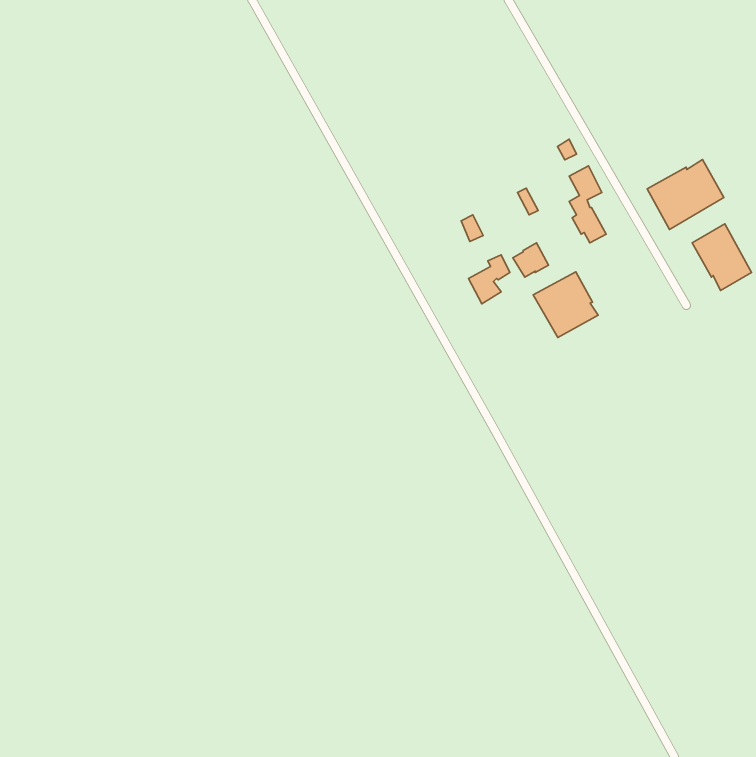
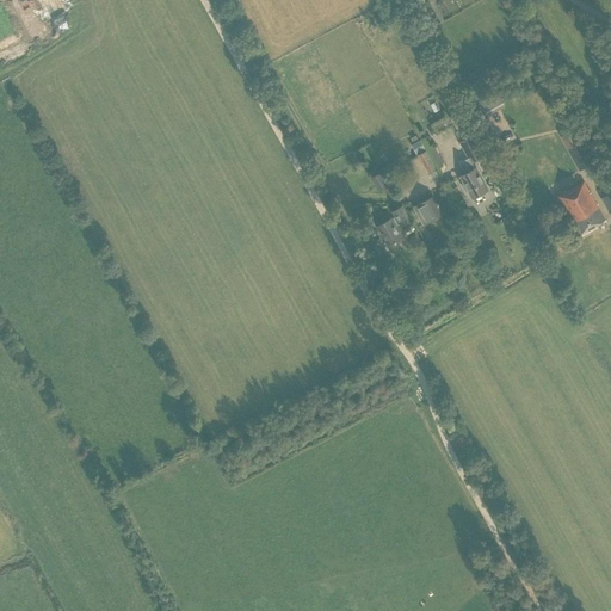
building: [647,159,724,230] -> none
building: [533,272,598,337] -> none

